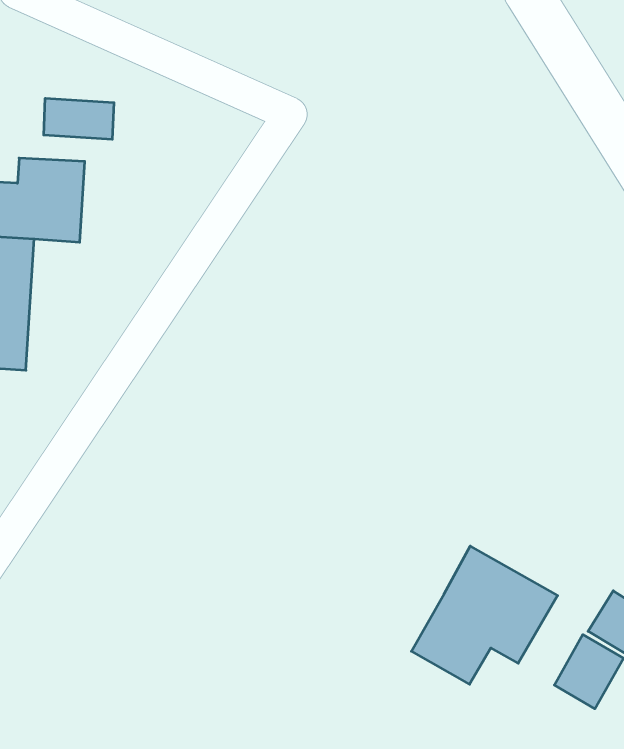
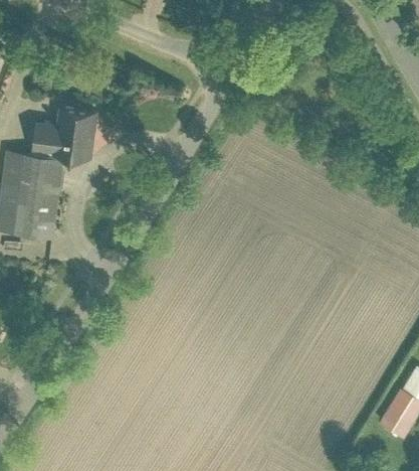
building: [44,98,114,139] -> none
building: [411,546,558,684] -> none

